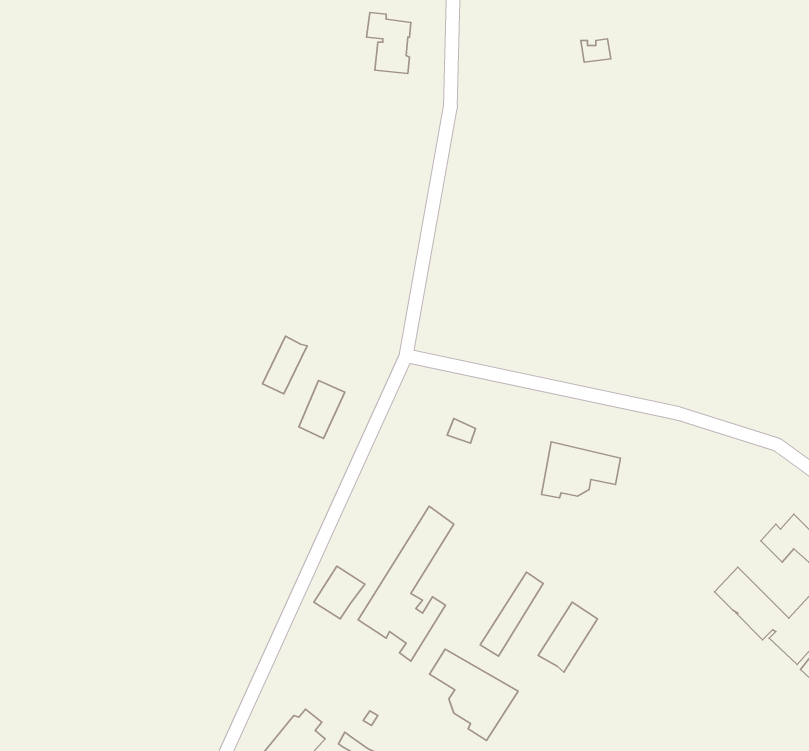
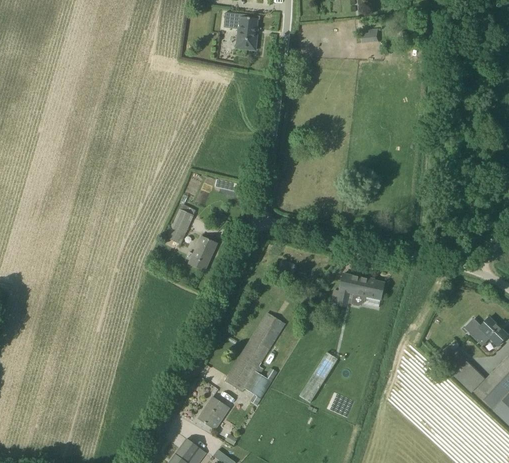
building: [314,566,365,619] -> [198,397,229,429]
building: [538,602,598,672] -> none
building: [430,649,518,741] -> none

